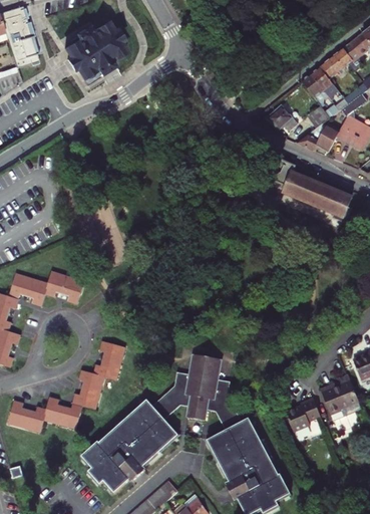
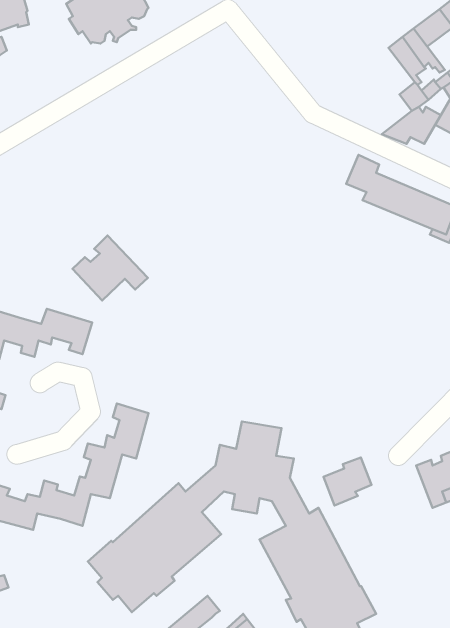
building: [267,105,298,132] -> none
building: none -> [72,236,148,300]
building: [287,398,322,433] -> [324,457,372,506]

